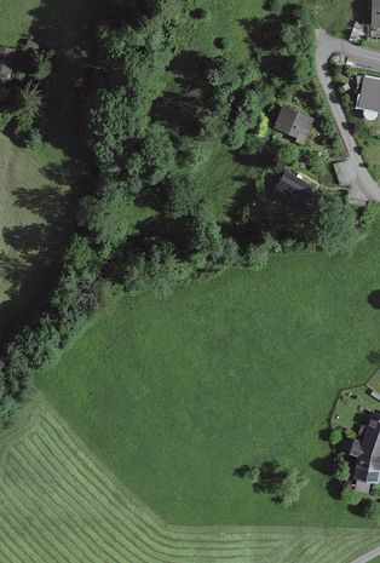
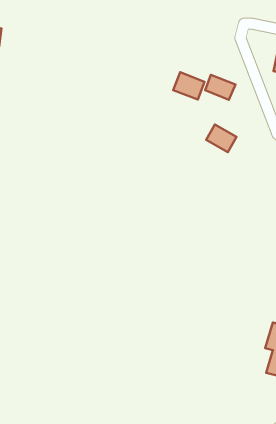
building: none -> [173,72,205,100]

